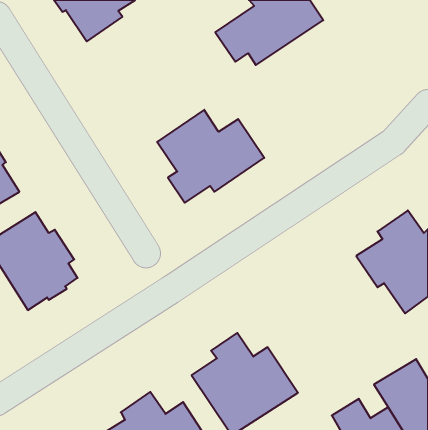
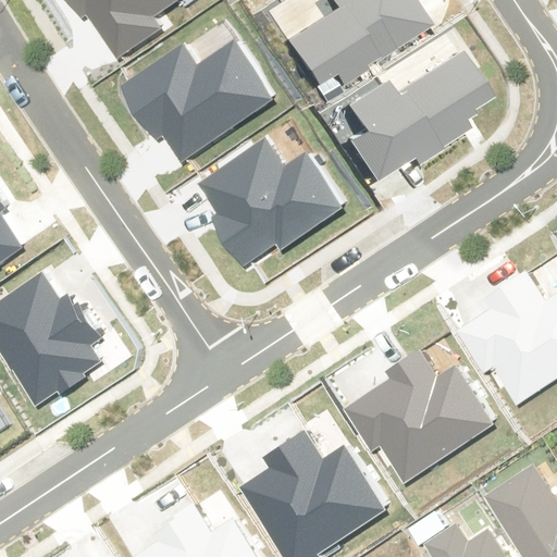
building: none -> [123,47,269,154]
building: none -> [334,57,472,185]
building: none -> [349,350,496,483]

